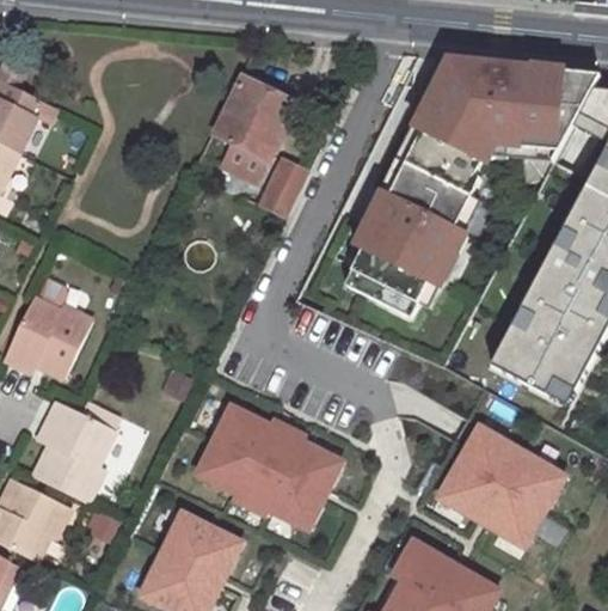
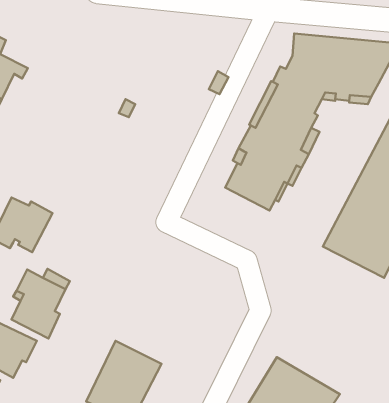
building: [213,79,293,183] -> none
building: [253,171,299,226] -> none
building: [198,402,351,533] -> none
building: [437,420,576,552] -> none

